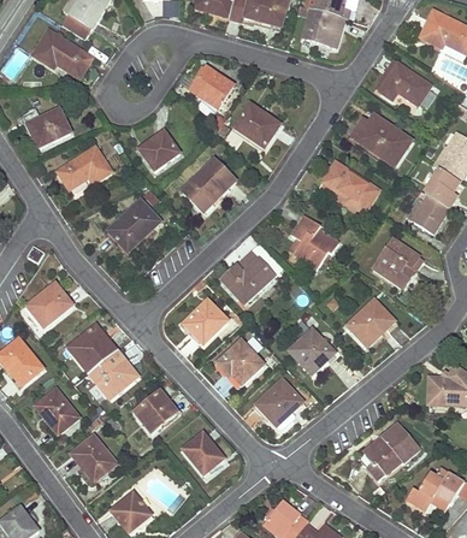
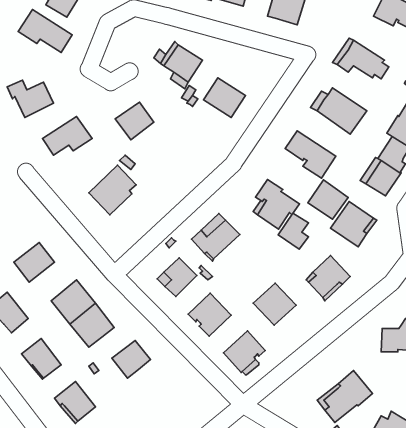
building: [182,159,232,209] -> none
building: none -> [308,180,348,219]
building: none -> [278,213,309,249]
building: [183,431,223,473] -> none

